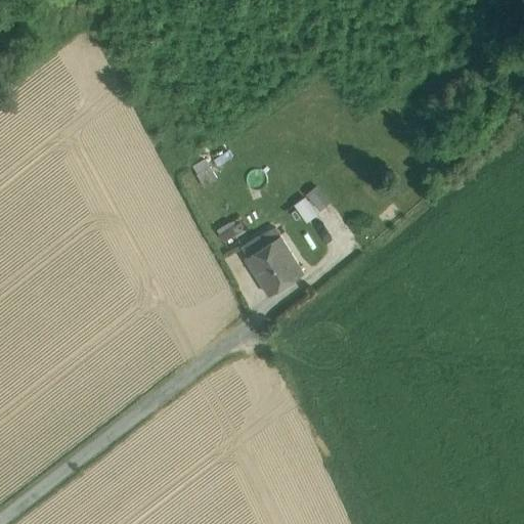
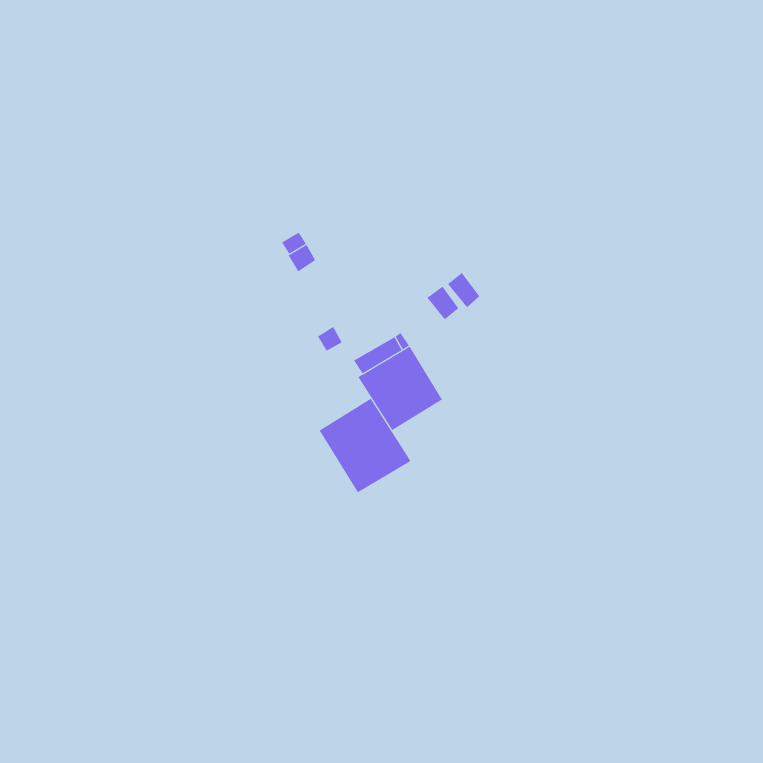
building: none -> [319,398,411,493]

